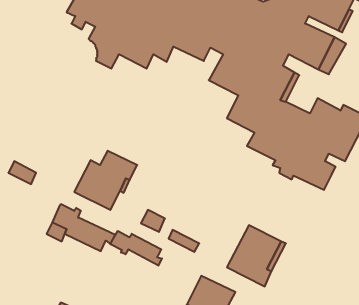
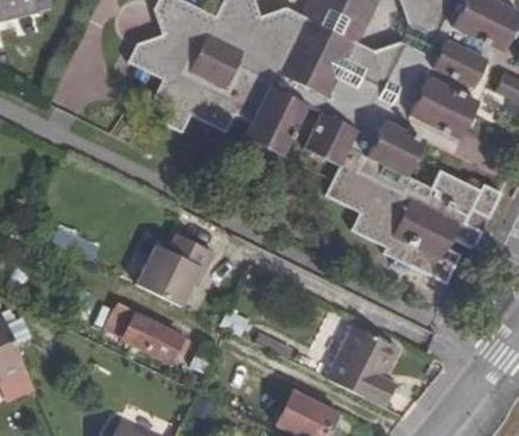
building: none -> [245,103,298,153]
building: [111,231,162,266] -> none

